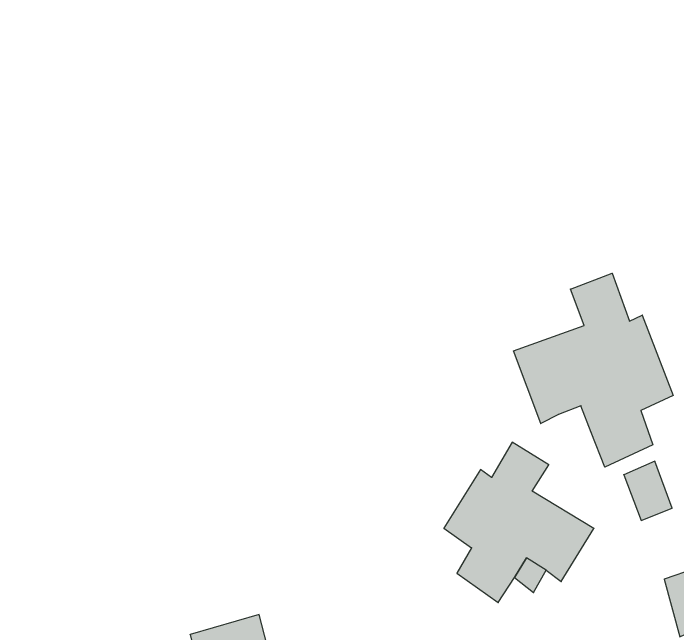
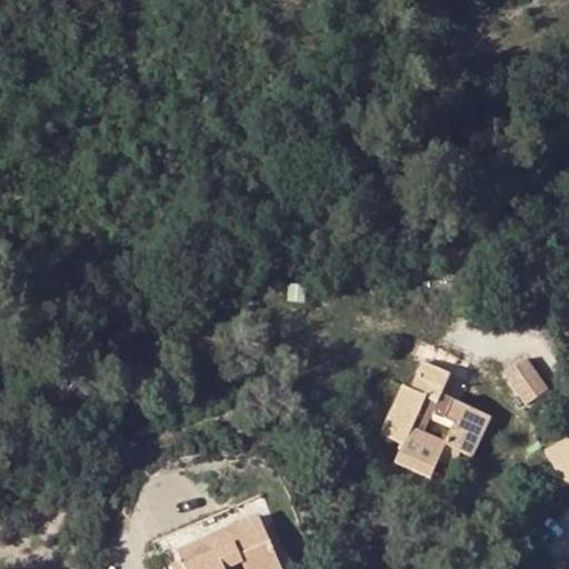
building: [513,273,673,467] -> none

